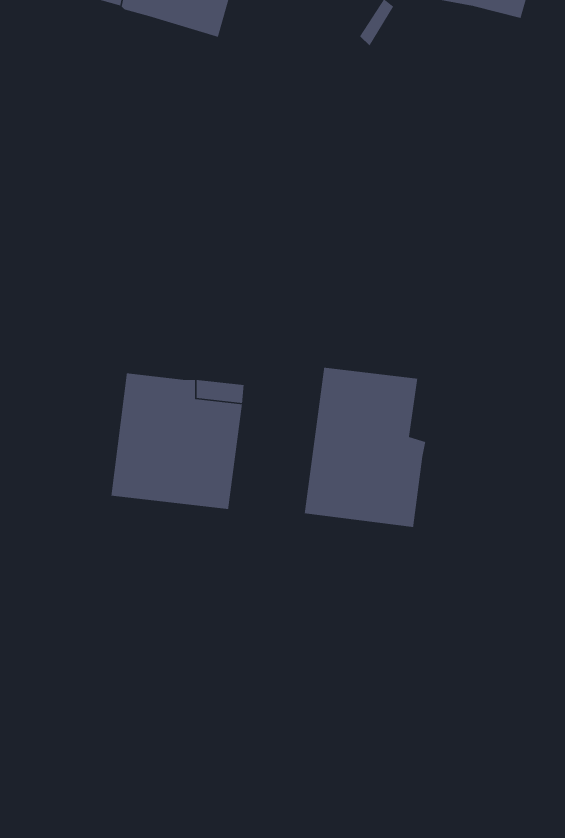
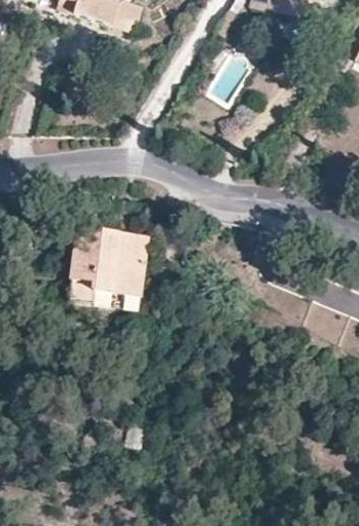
building: [304,367,426,528] -> none

